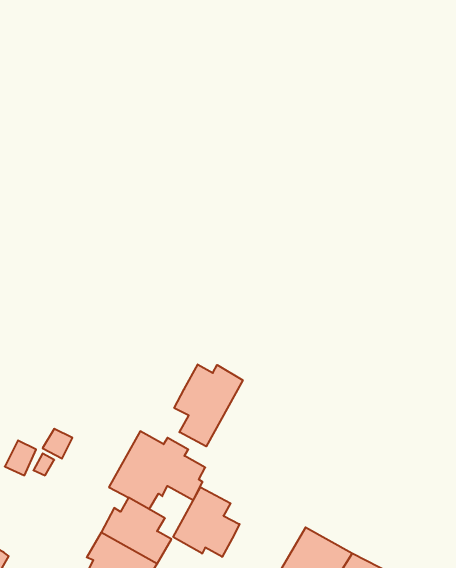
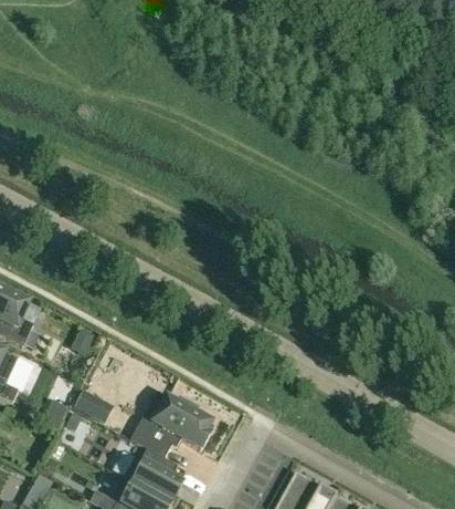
building: [174,364,243,446] -> none
building: [173,487,240,557] -> none

